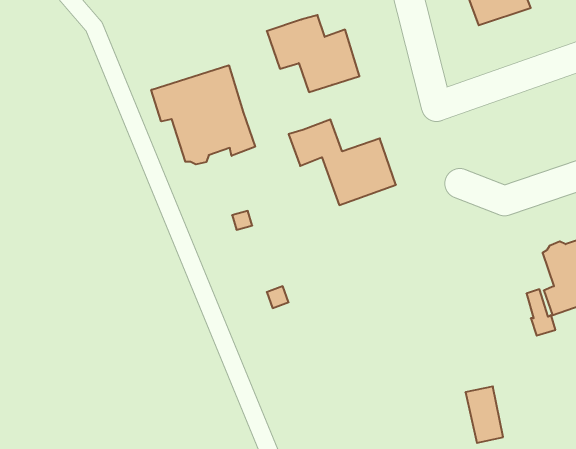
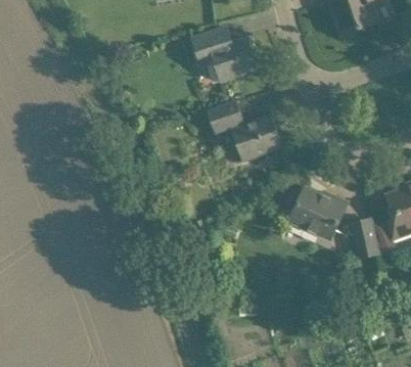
building: [151,65,255,164] -> none
building: none -> [290,188,348,239]
building: [465,386,503,443] -> [351,219,377,259]

